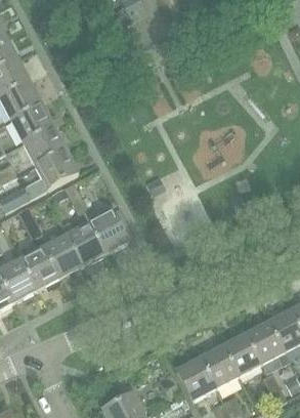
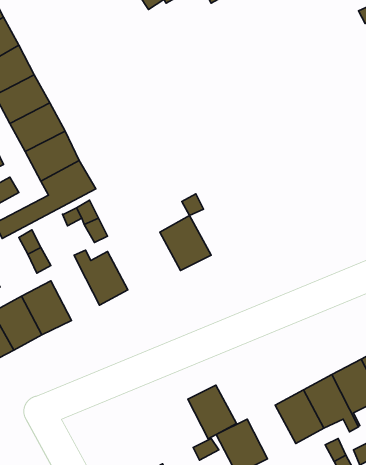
building: [89,208,130,252] -> [160,216,211,271]
building: [44,233,83,277] -> none
building: [201,344,240,387] -> [188,385,236,439]

